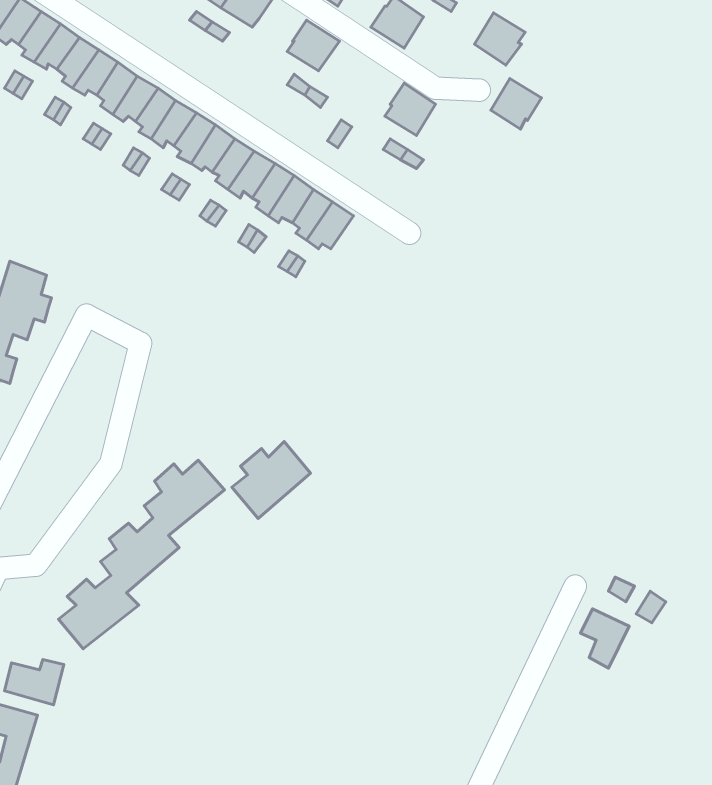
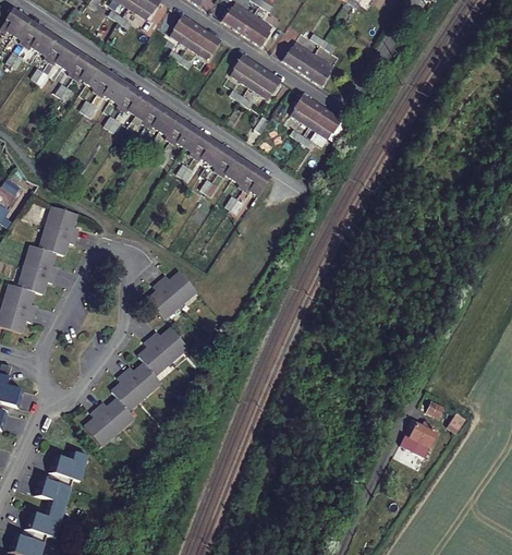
building: [474,13,525,65] -> [301,52,332,85]
building: none -> [247,68,280,98]
building: [491,79,541,129] -> [308,107,340,138]
building: [232,442,310,518] -> [148,272,197,319]

